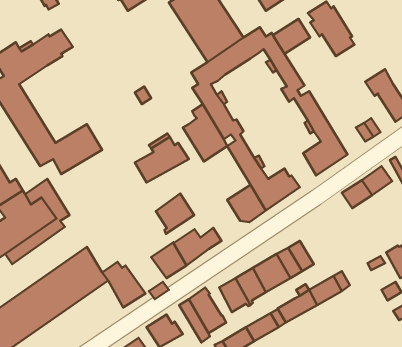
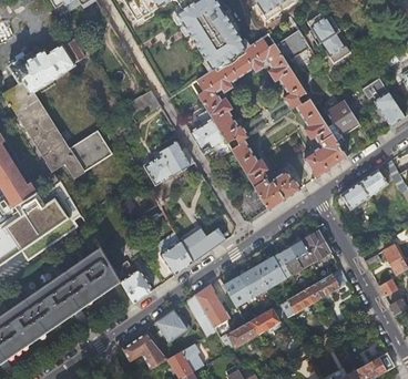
building: none -> [326,100,358,133]
building: [156,193,194,234] -> none
building: none -> [300,228,332,262]

